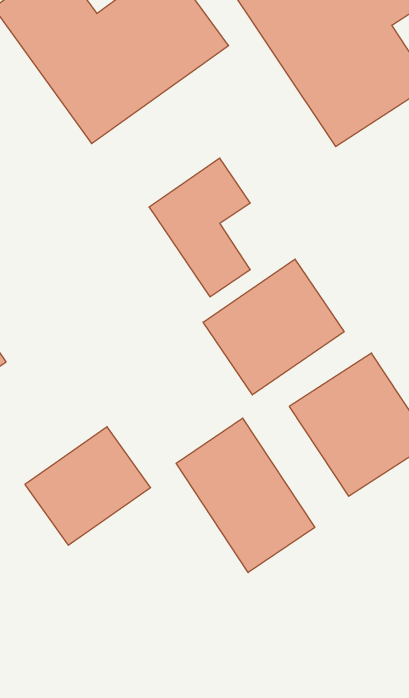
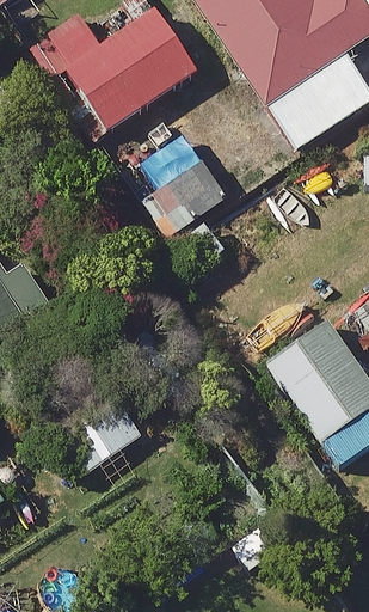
building: [203,259,344,395] -> none
building: [176,418,315,573] -> none

